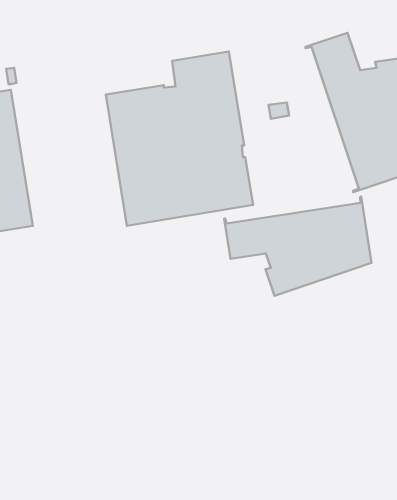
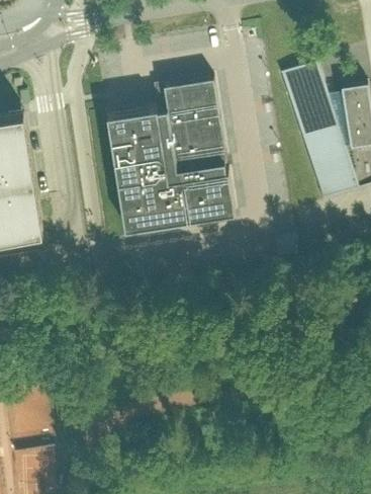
building: [224,197,372,296] -> none

